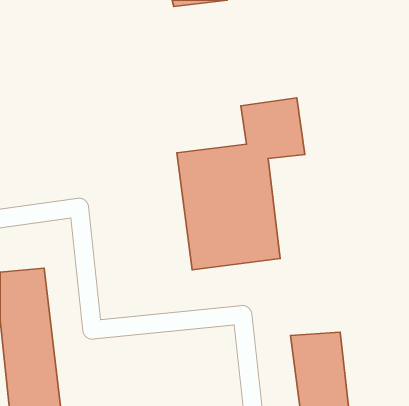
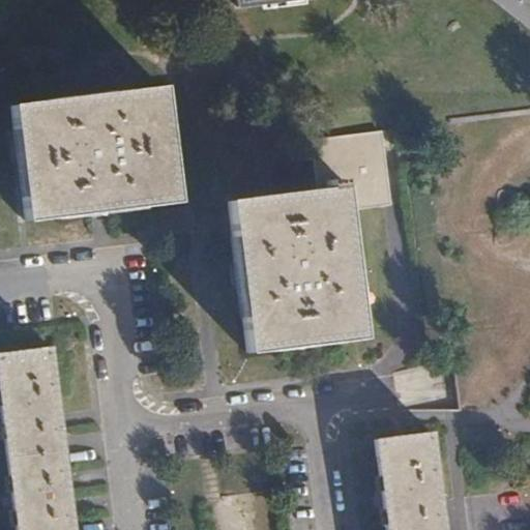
building: none -> [16,90,176,214]

